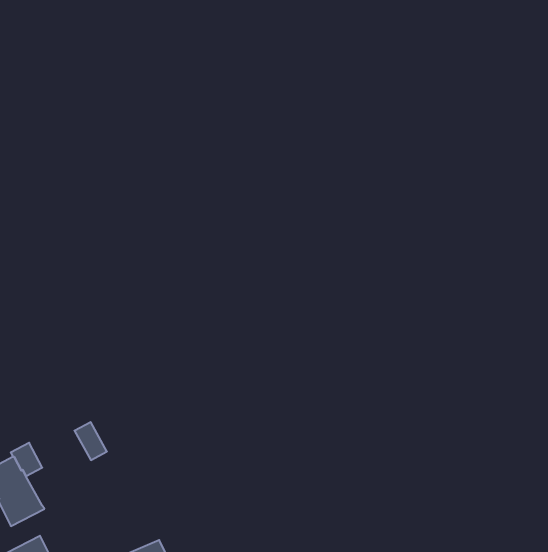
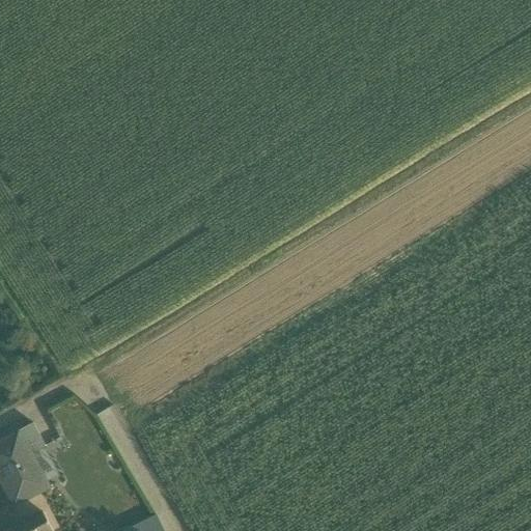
building: [74,422,107,460] -> [25,449,56,485]

